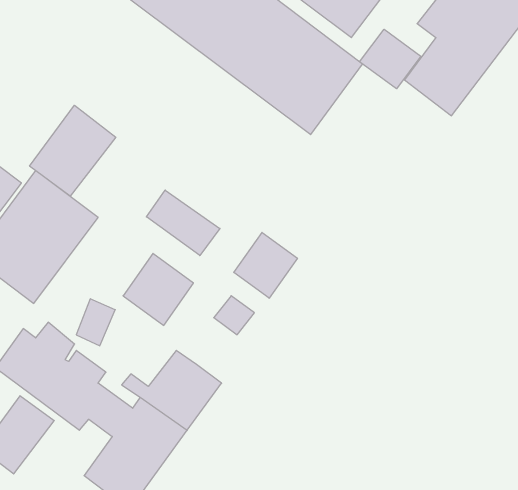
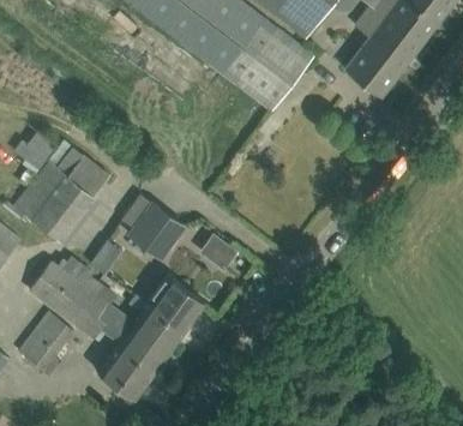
building: [360,29,421,89] -> none
building: [30,105,116,196] -> none
building: [146,190,220,256] -> none
building: [234,232,297,298] -> none

